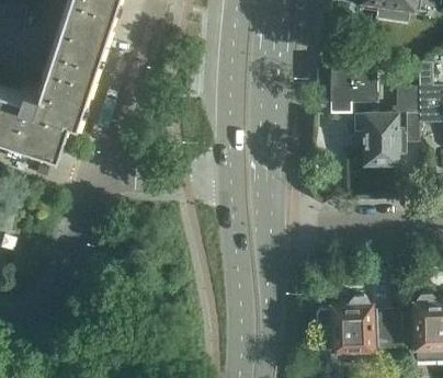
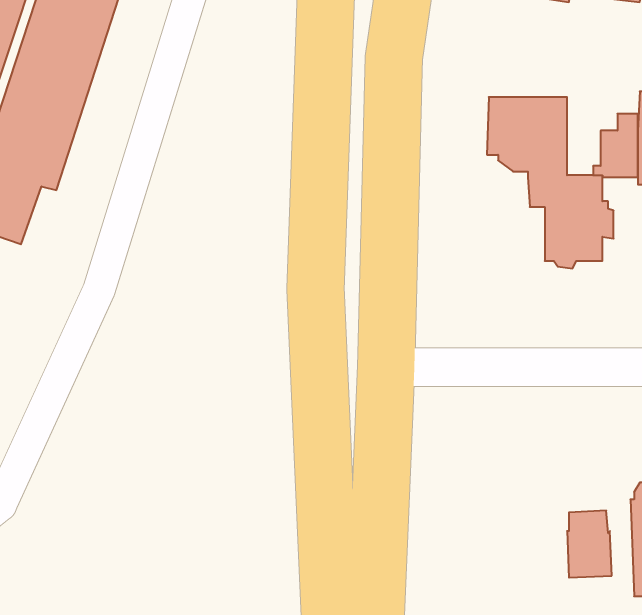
building: [316,300,376,367] -> none

